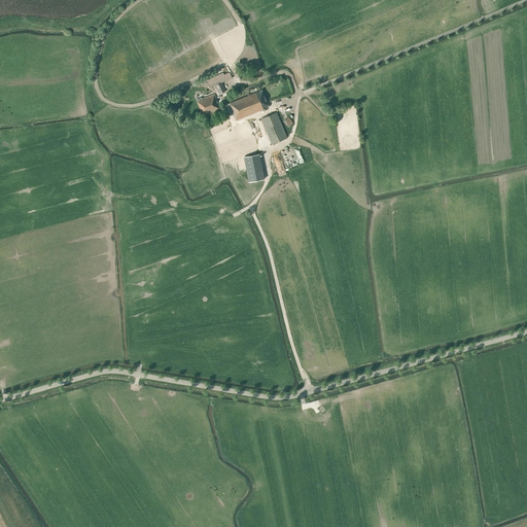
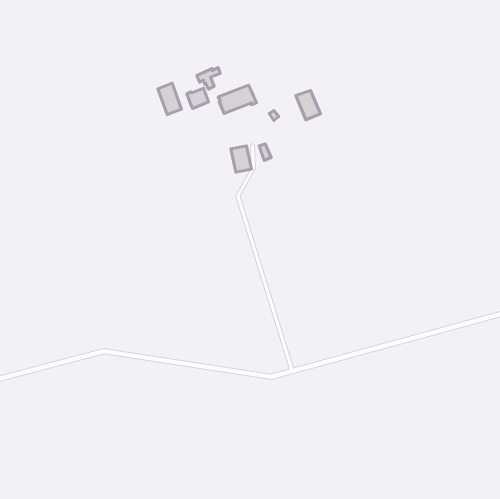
building: none -> [158,83,182,115]
building: [260,112,286,143] -> [296,90,320,120]

